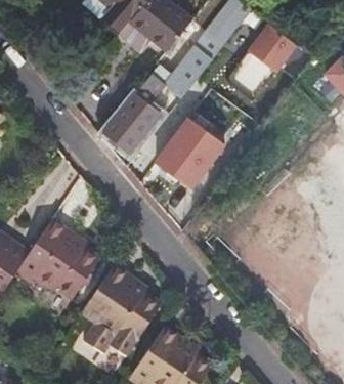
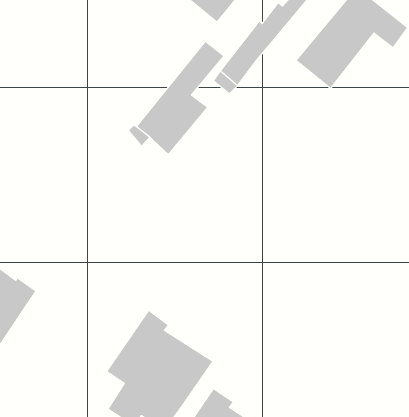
building: [155,110,227,185] -> none
building: [17,219,102,297] -> none

